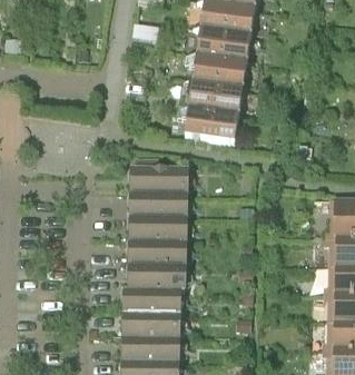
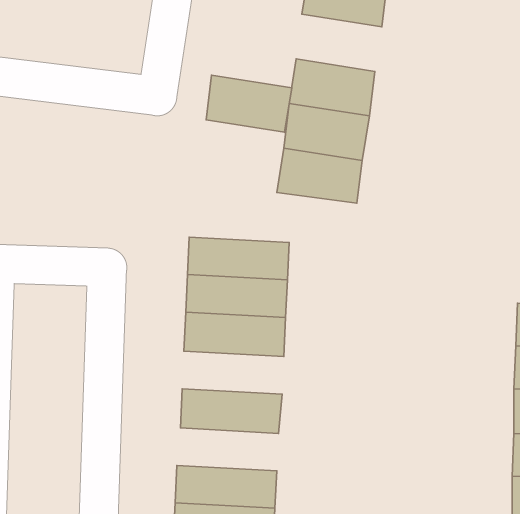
building: [195,33,248,69] -> [206,75,292,132]
building: [124,244,187,270] -> none
building: [120,292,184,318] -> none

